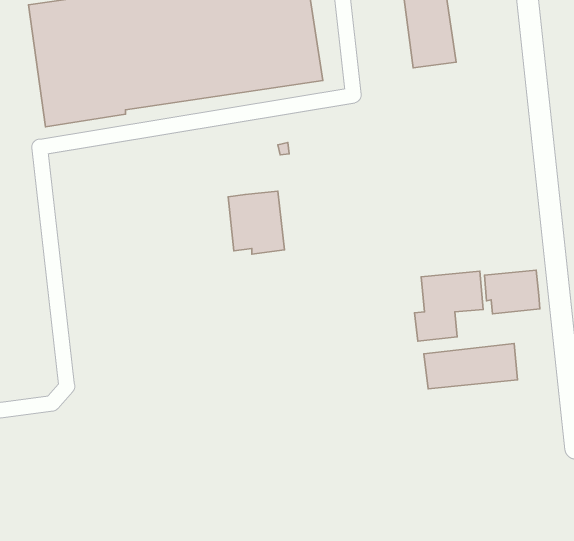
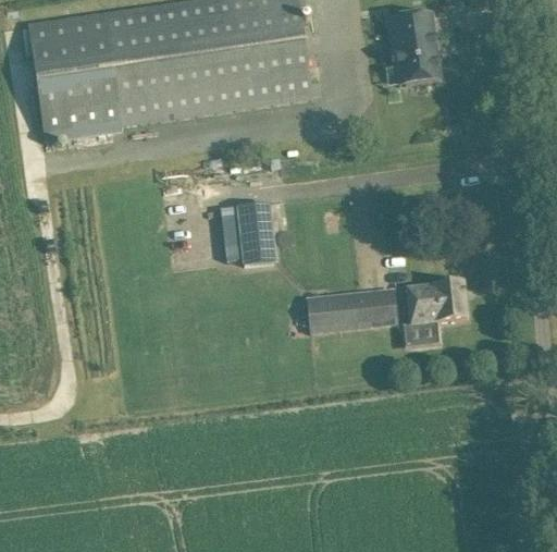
building: [485,270,540,314] -> none
building: [424,344,517,389] -> [307,287,397,331]

